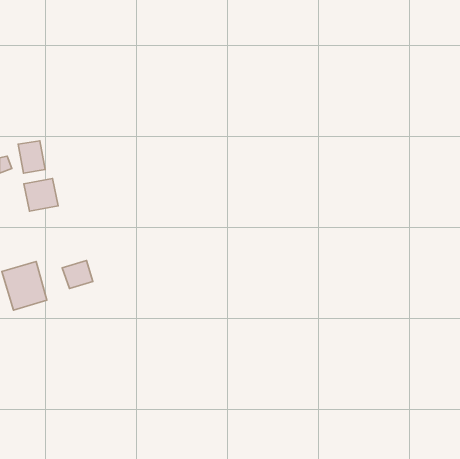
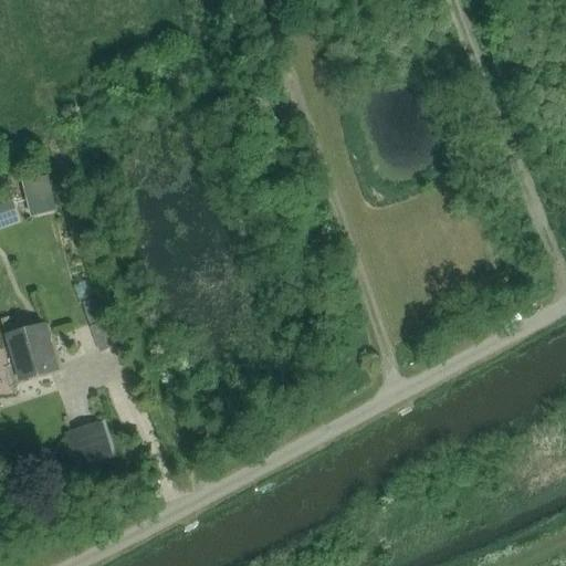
building: [24,179,58,211] -> none
building: none -> [72,423,104,464]

